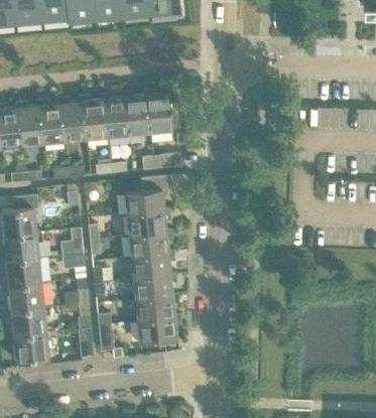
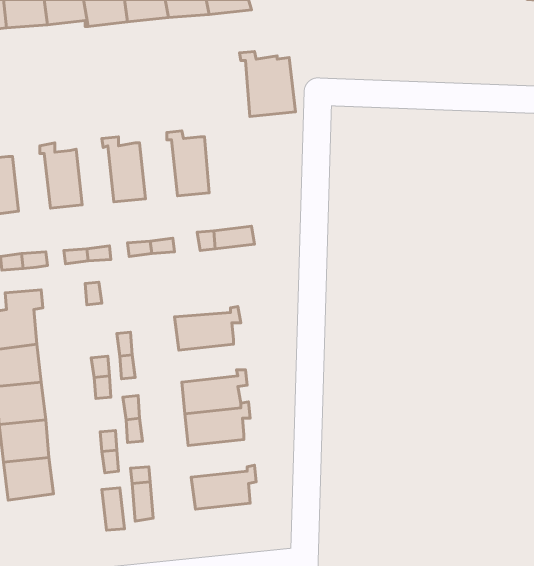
building: [142,90,179,133] -> [239,51,295,116]
building: [100,94,128,137] -> none
building: [56,98,86,141] -> none
building: [14,103,43,145] -> none
building: [124,177,167,216] -> none
building: [129,230,172,259] -> none
building: [135,293,178,322] -> none
building: [15,333,47,363] -> none

